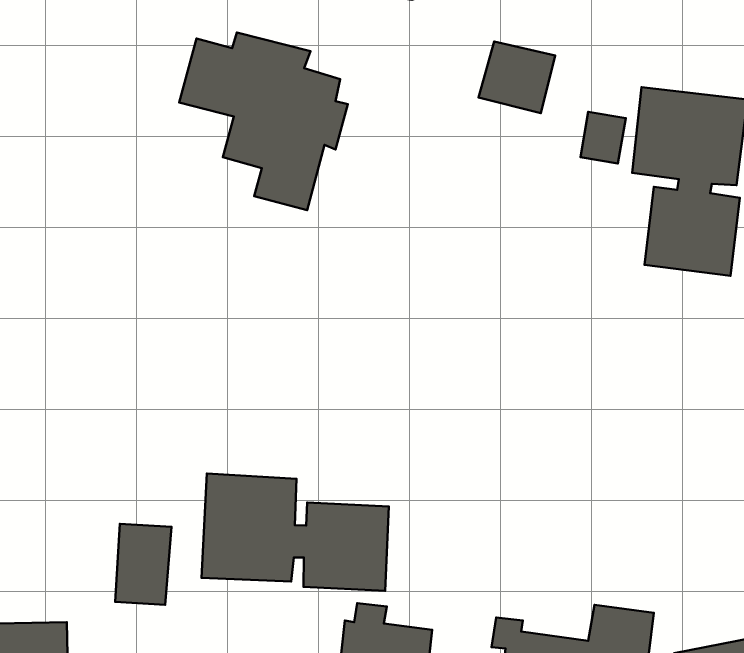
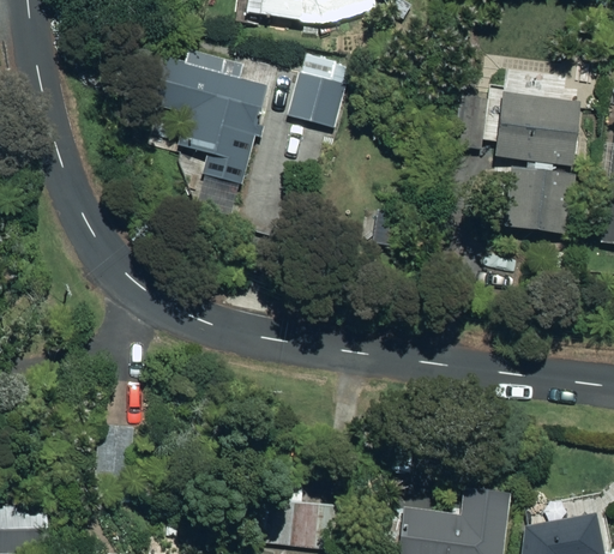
building: [478,41,555,113] -> [289,72,348,127]
building: [201,474,389,591] -> none

